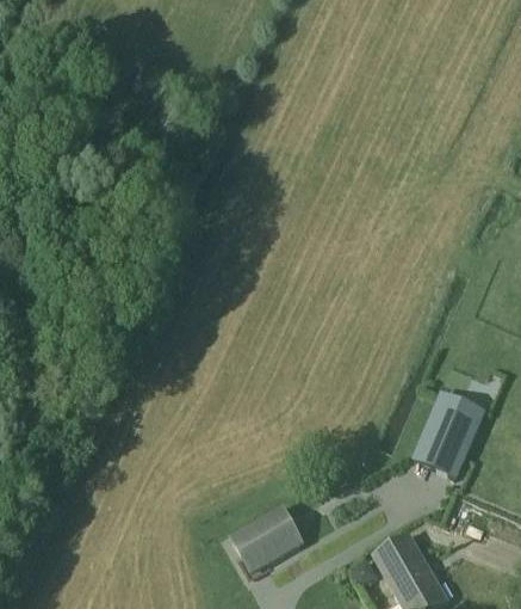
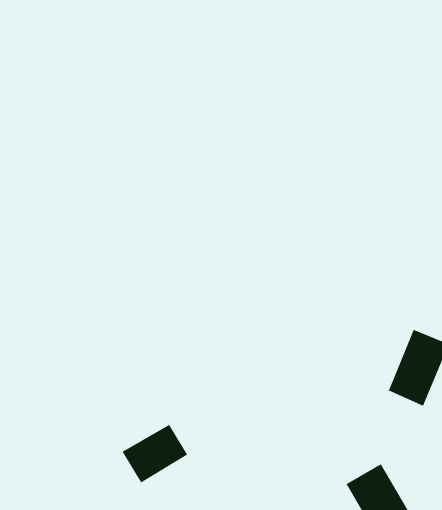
building: [232,509,302,571] -> [121,424,188,484]

